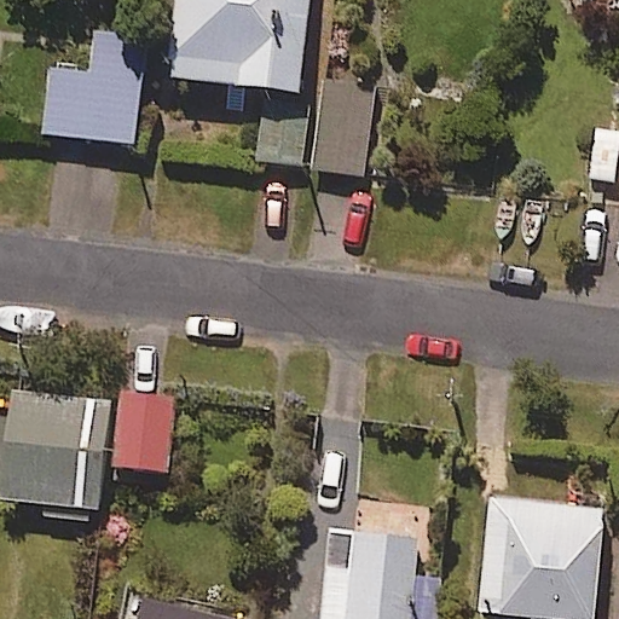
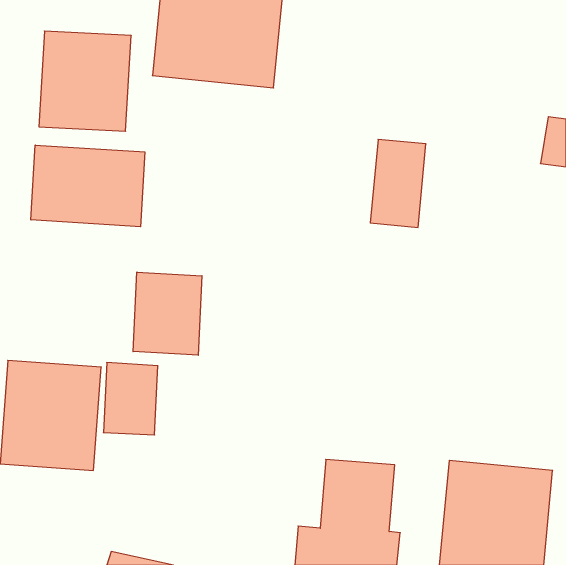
building: [312,80,372,175] -> [370,139,426,227]
building: none -> [31,145,145,227]
building: none -> [133,272,202,355]

